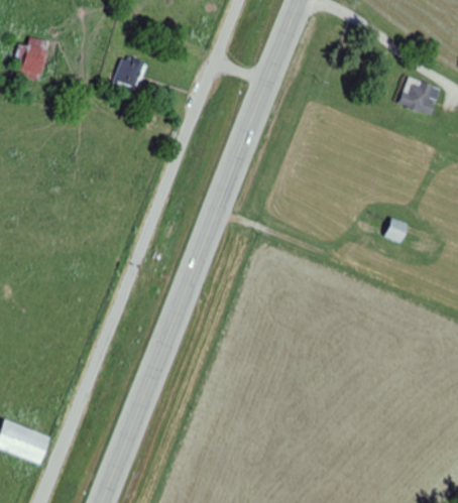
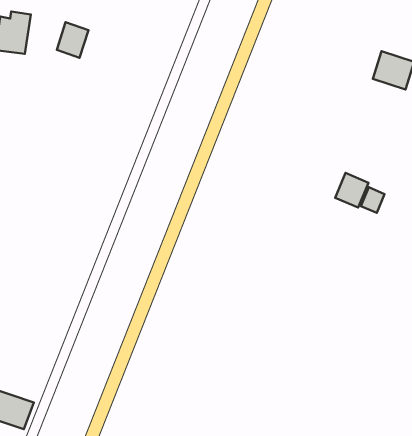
building: [113,53,145,90] -> [57,22,88,58]
building: none -> [335,173,369,208]

